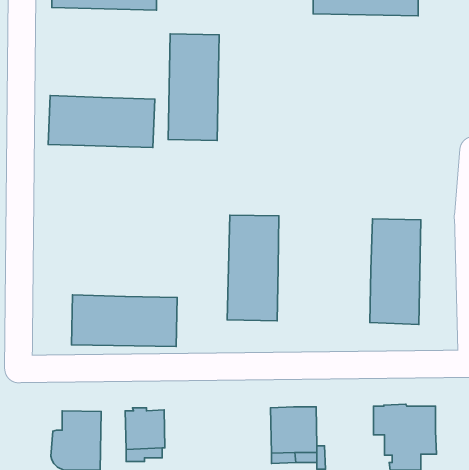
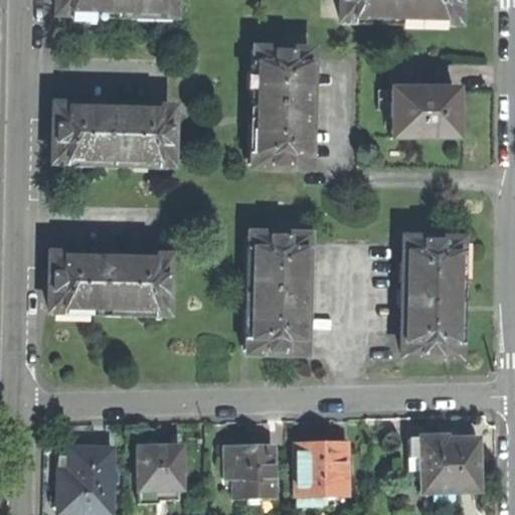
building: [168,34,219,141] -> [258,48,313,164]
building: none -> [393,84,460,135]
building: [72,295,177,347] -> [54,252,169,309]
building: none -> [227,443,277,496]

